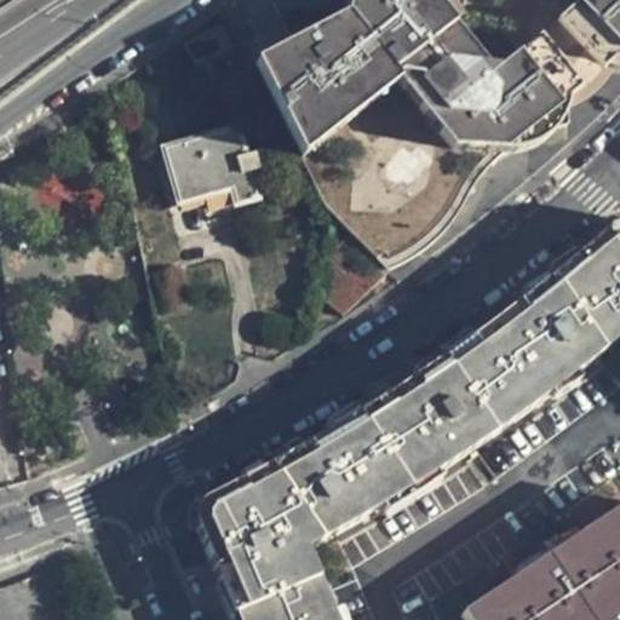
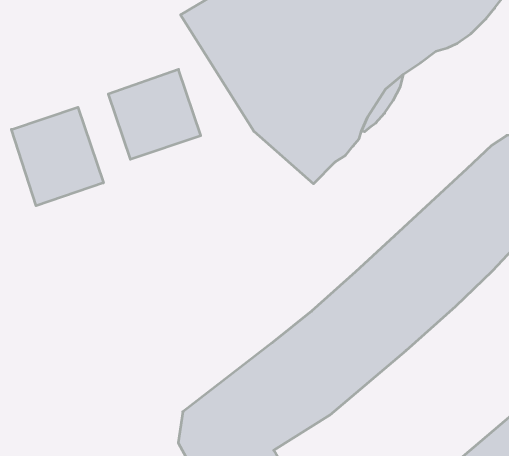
building: none -> [11,107,103,206]

